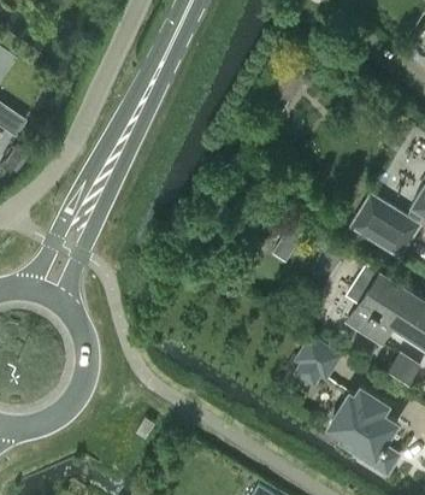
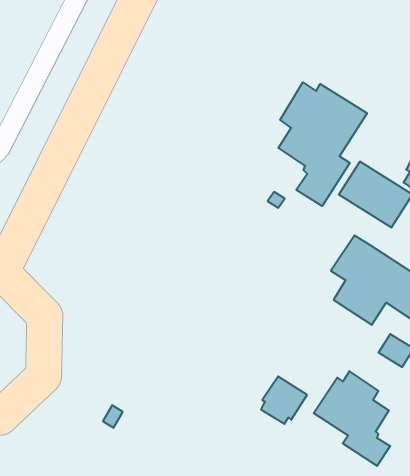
building: none -> [278,82,367,206]
building: [296,343,338,387] -> [261,376,307,424]

